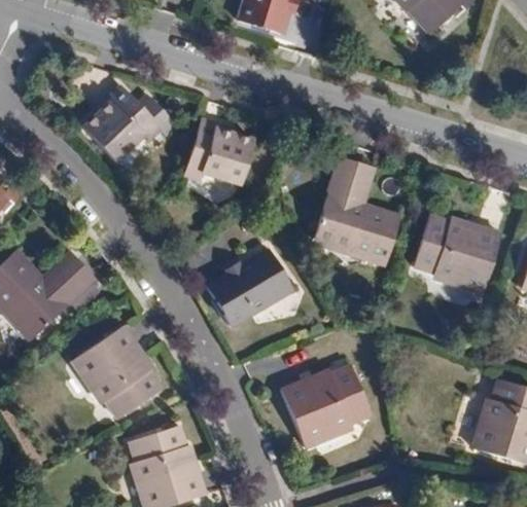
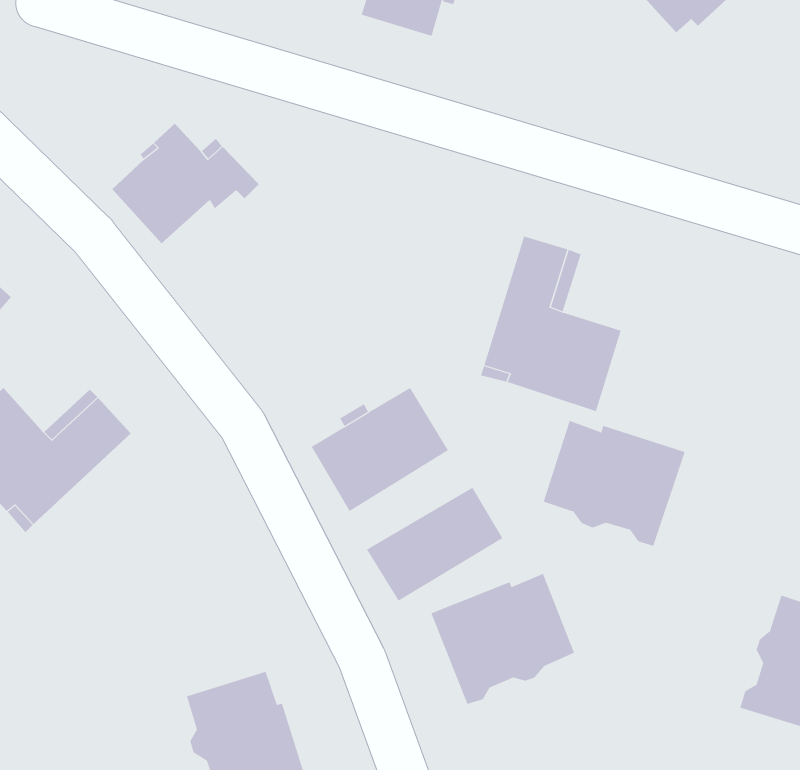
building: [183,119,253,186] -> none
building: [413,215,501,293] -> [543,420,686,547]
building: none -> [366,487,503,602]
building: [72,326,162,419] -> none

